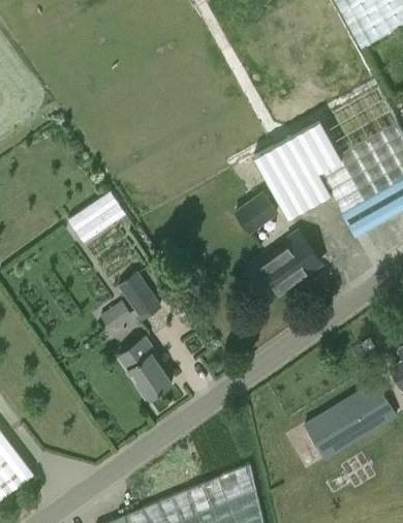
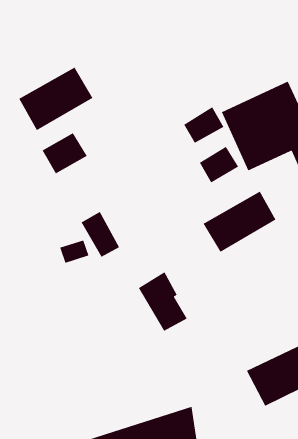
building: none -> [18,67,93,131]
building: none -> [183,106,225,144]
building: [117,338,172,401] -> [138,271,188,332]

